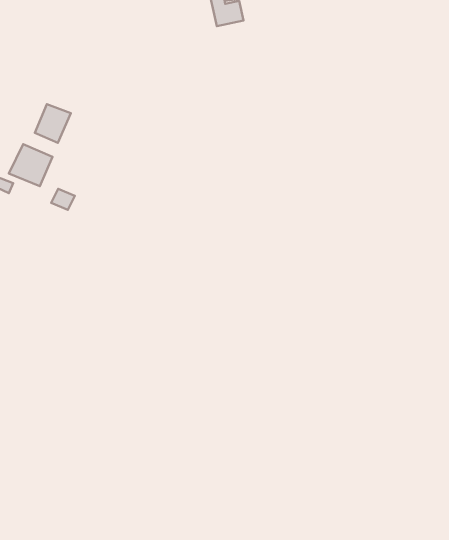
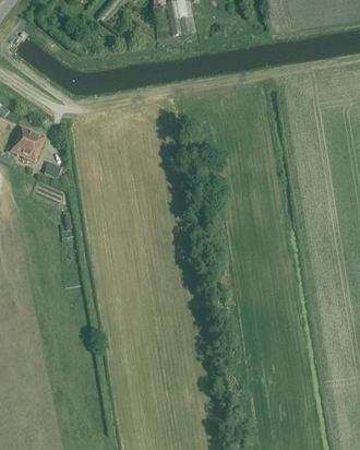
building: [35,104,71,143] -> none

